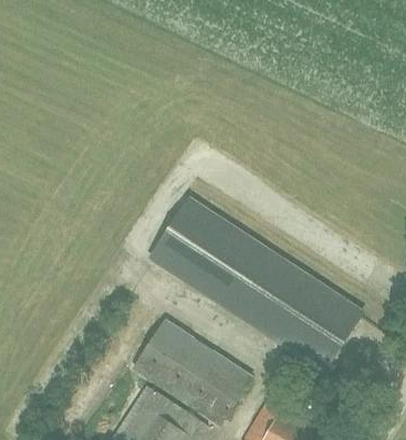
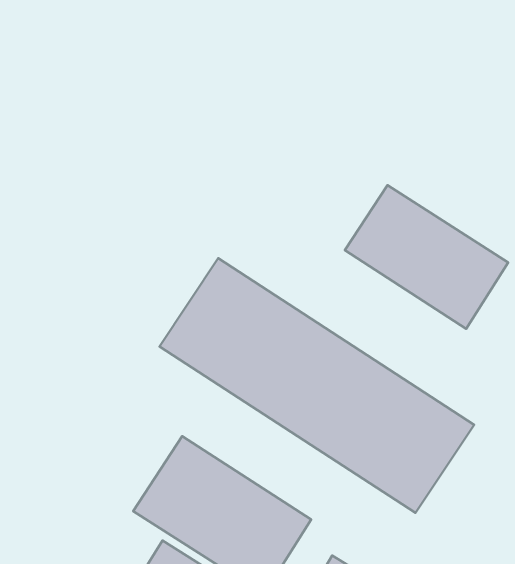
building: none -> [345,185,508,329]

